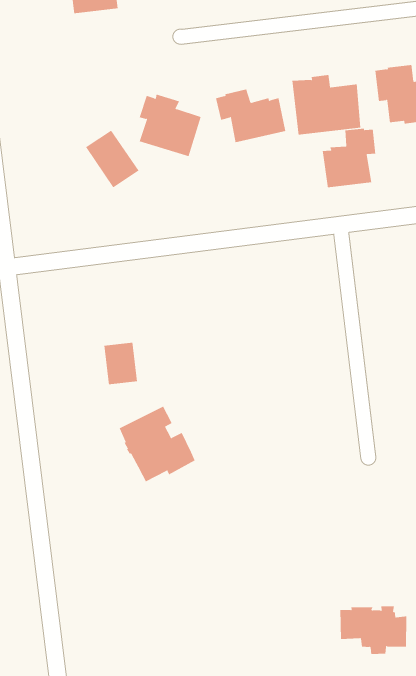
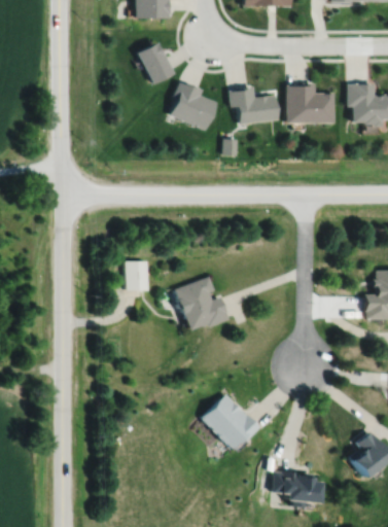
building: [322,128,376,188] -> none
building: [85,130,139,188] -> [137,43,174,85]
building: [119,406,196,482] -> [177,276,230,329]
building: none -> [203,393,261,449]

